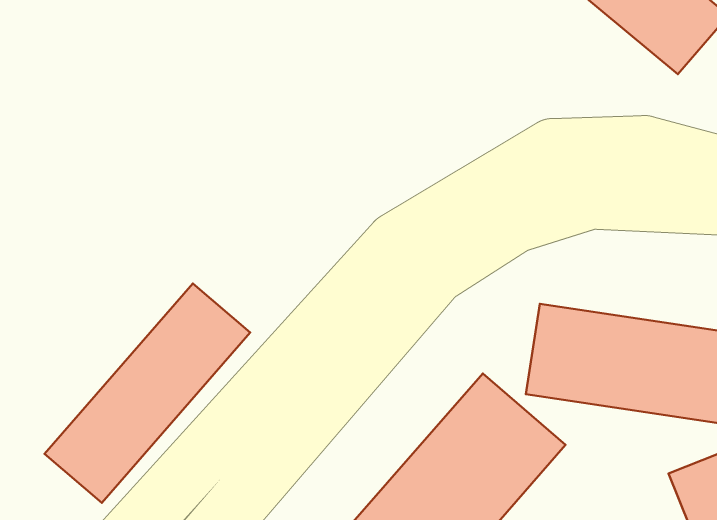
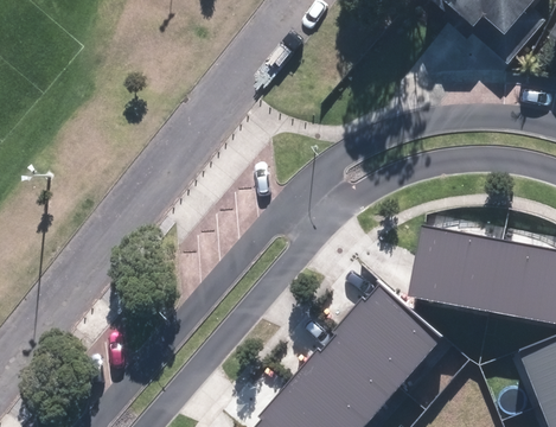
building: [44,283,250,503] -> none

